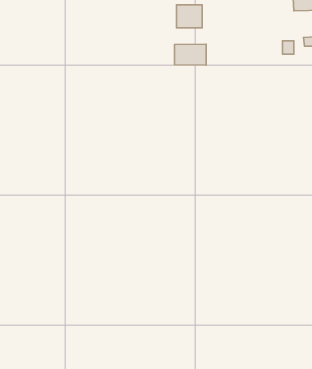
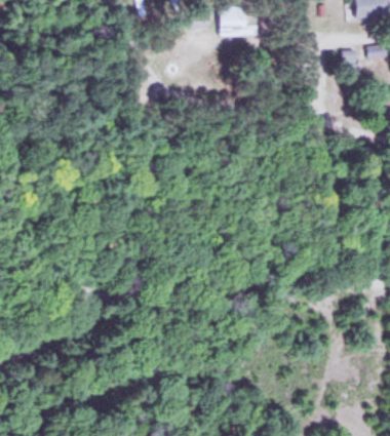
building: [175,44,206,65] -> none

